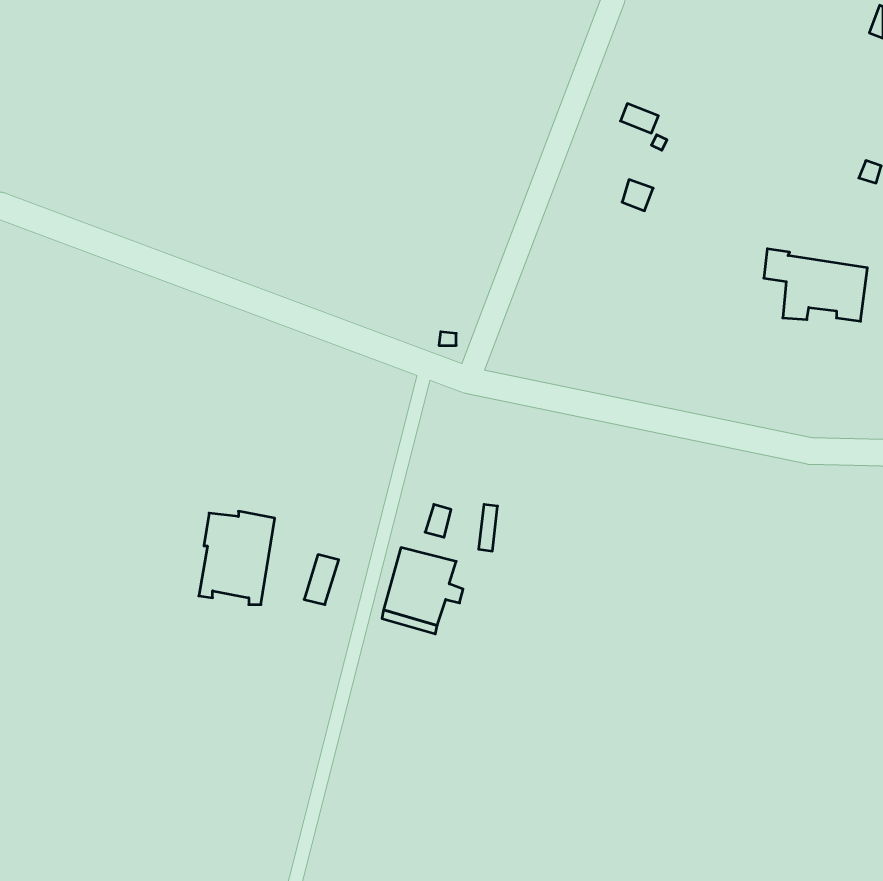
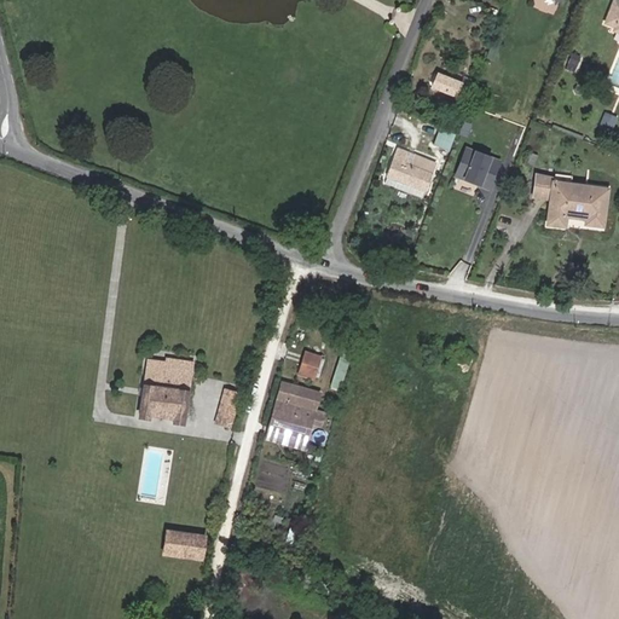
building: none -> [455,143,504,187]
building: none -> [388,149,435,187]
building: none -> [164,530,206,559]

